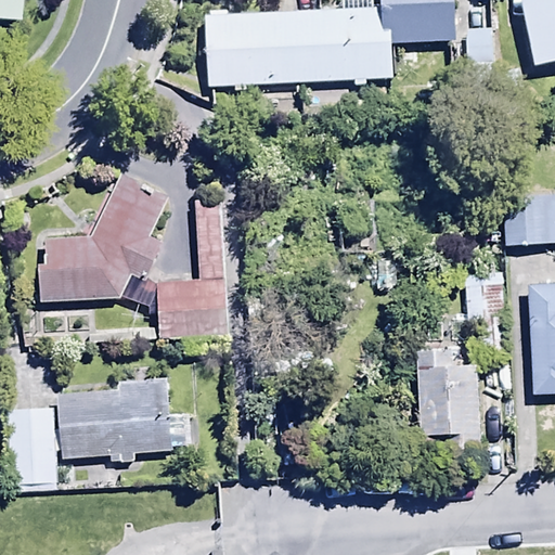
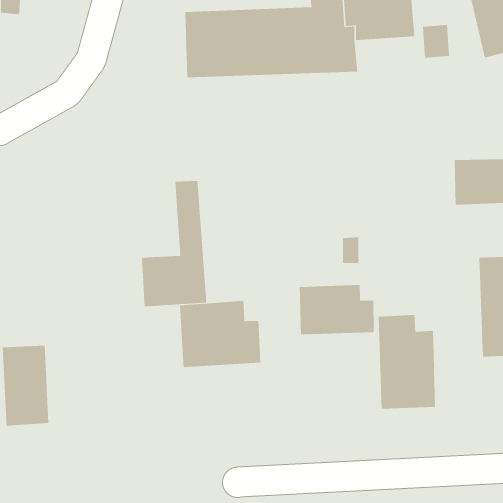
building: [38,175,167,307] -> none
building: none -> [299,284,374,335]
building: none -> [179,300,261,368]
building: [59,378,188,465] -> none

